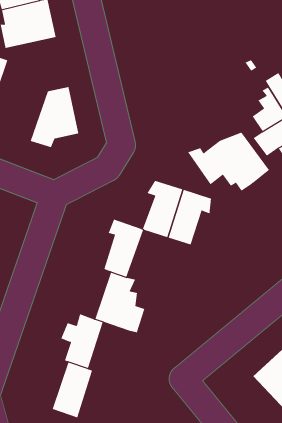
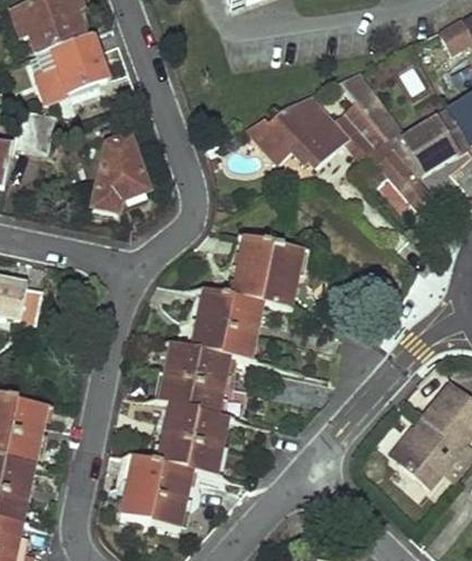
building: [187,132,270,192] -> [247,93,347,163]
building: none -> [223,295,266,359]
building: none -> [162,342,203,407]
building: none -> [191,410,233,473]
building: none -> [125,455,165,520]

